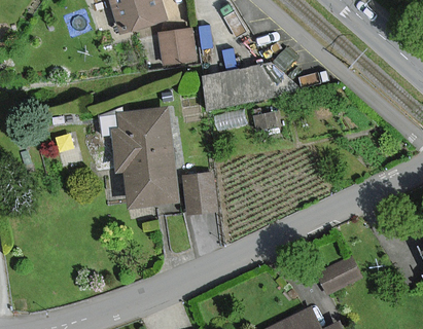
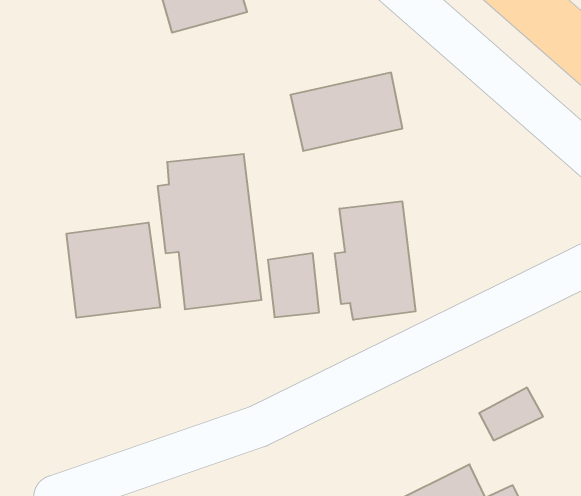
building: [157,28,197,65] -> none
building: none -> [335,201,415,320]
building: none -> [67,222,160,318]

